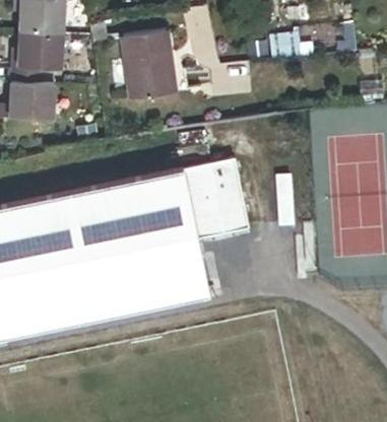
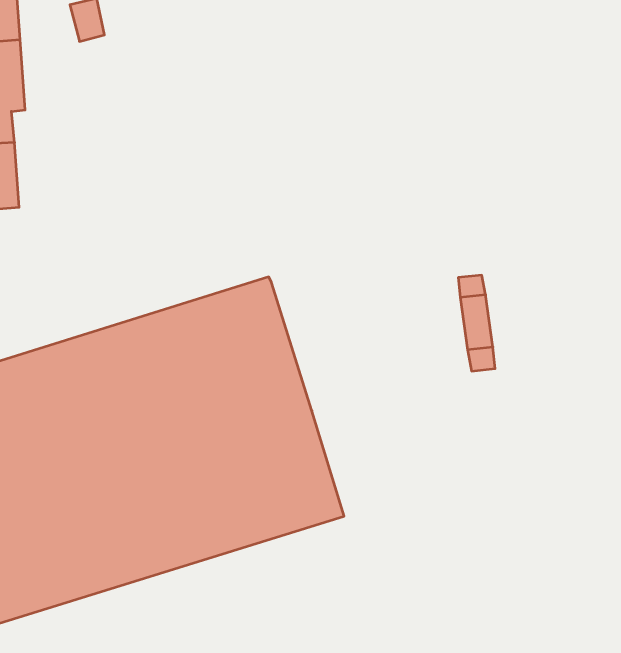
building: [125,31,177,99] -> none
building: [181,163,248,242] -> none

